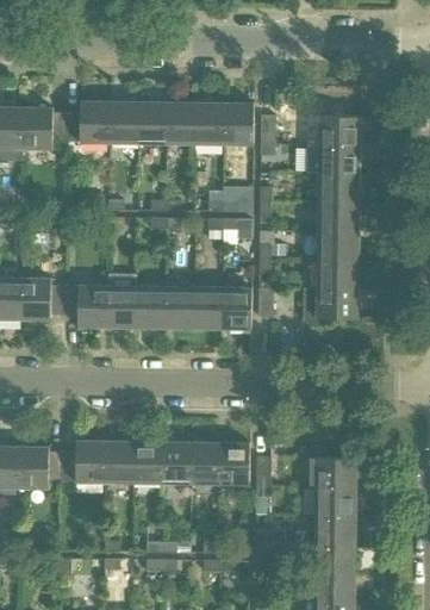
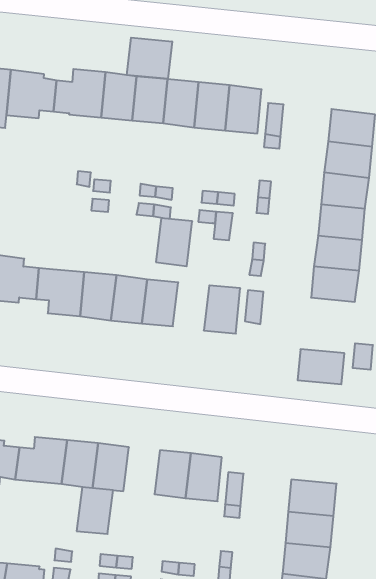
building: none -> [127,38,172,79]
building: [193,287,223,329] -> [156,218,192,266]
building: [317,290,357,318] -> [298,349,344,384]
building: [162,442,192,483] -> [77,487,113,534]

